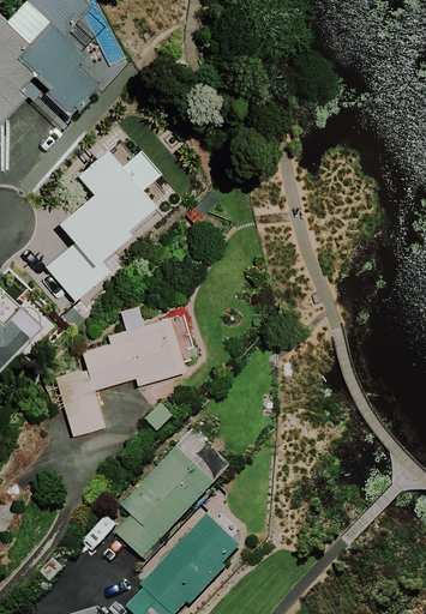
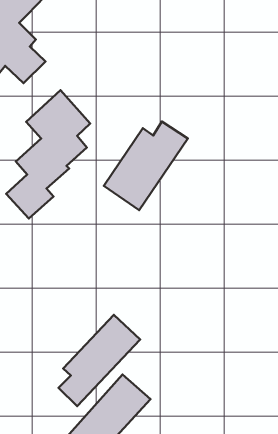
building: none -> [104,122,188,210]
building: [56,307,197,437] -> none

